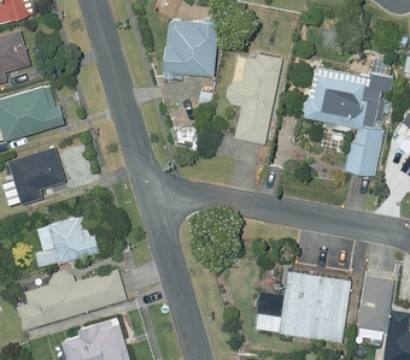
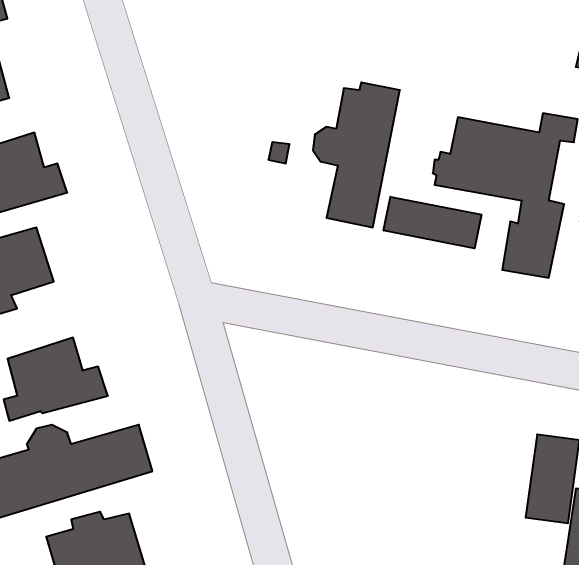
building: [163,20,217,81] -> none
building: none -> [384,197,481,248]
building: [257,270,351,341] -> none

